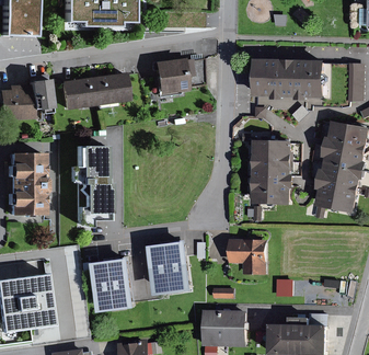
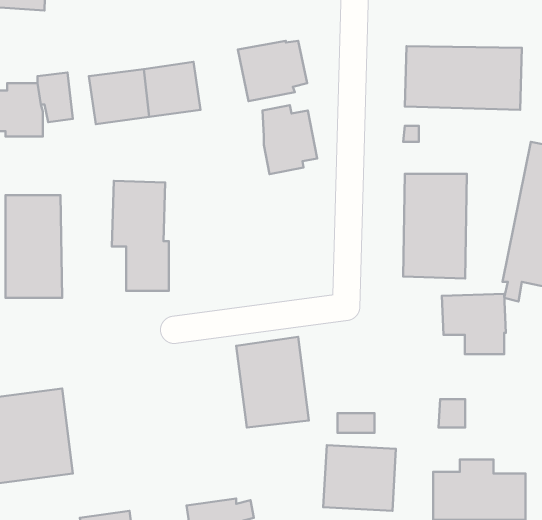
building: none -> [262,105,317,174]
building: [227,237,266,274] -> [442,294,506,354]
building: [92,257,134,309] -> none

